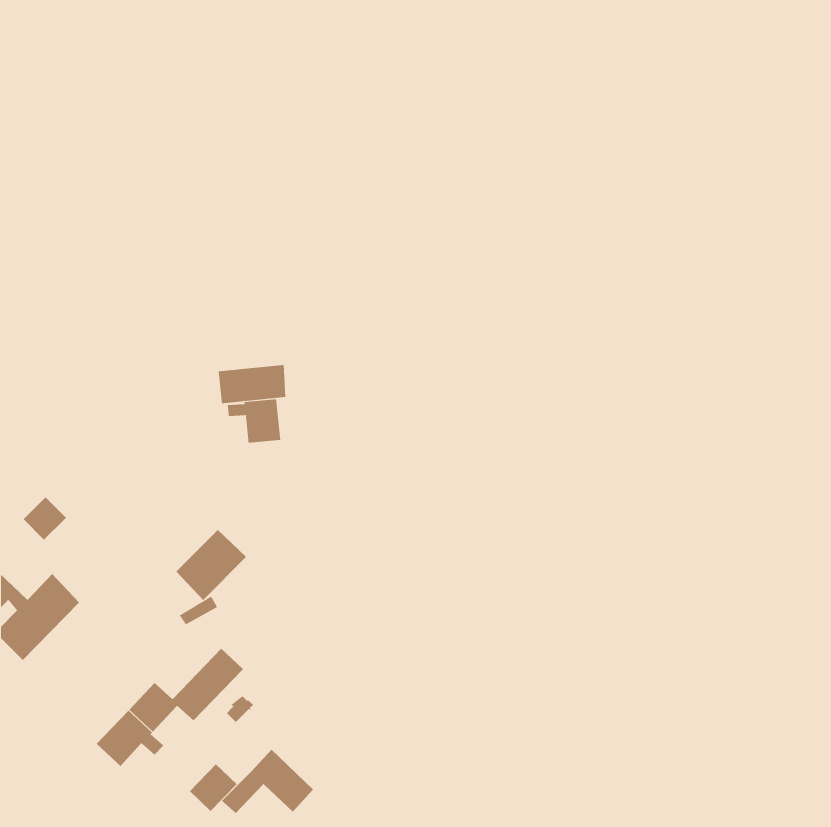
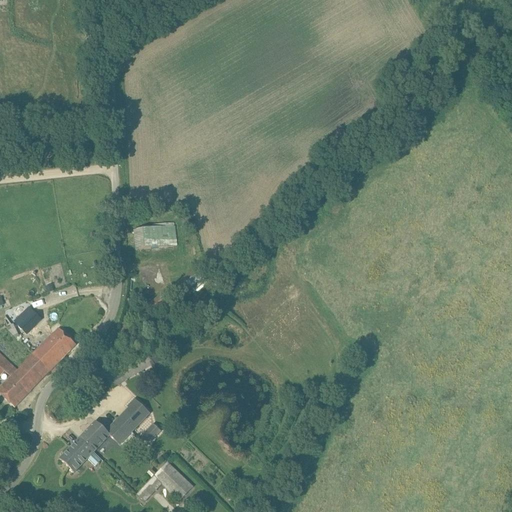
building: [227,398,281,443] -> none
building: [175,529,247,601] -> [32,326,76,370]
building: [189,763,237,812] -> none

